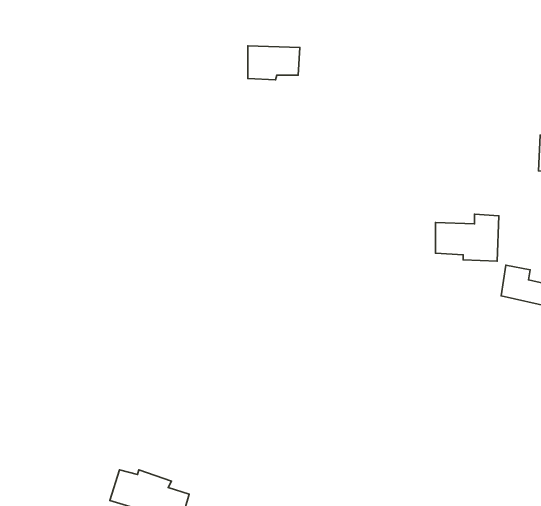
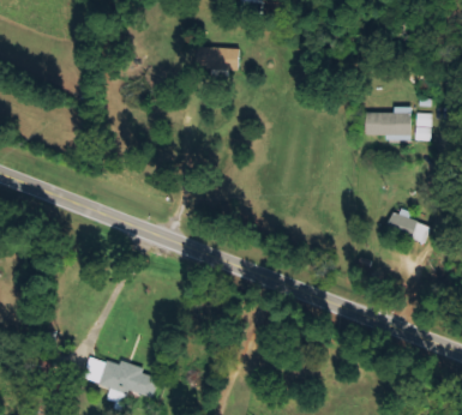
building: [436,214,499,261] -> [365,107,412,142]

